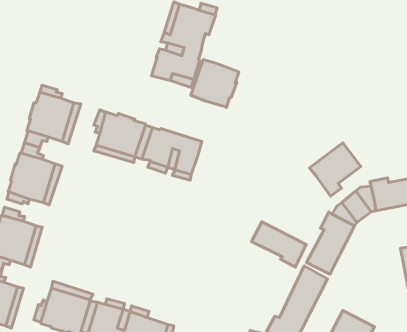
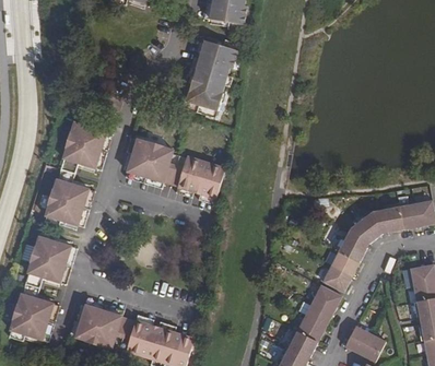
building: [191,60,239,108] -> none
building: [309,143,361,196] -> none
building: [251,222,306,267] -> none

